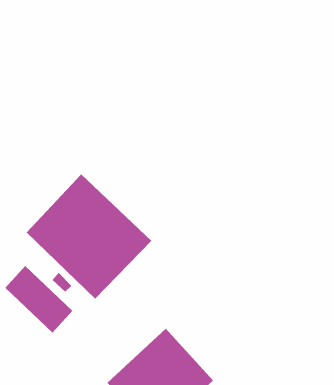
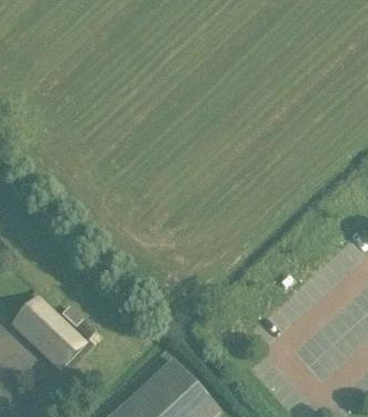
building: [26,174,152,300] -> none

